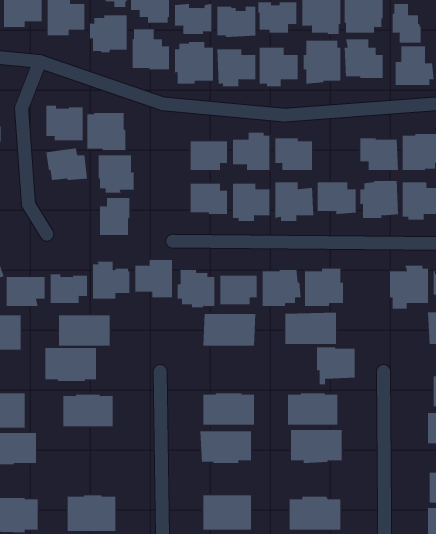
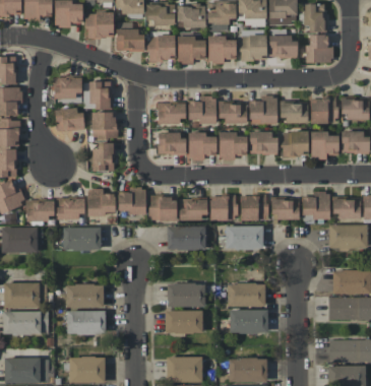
building: none -> [249,95,277,125]
building: [316,347,356,385] -> [270,197,299,224]
building: [45,347,97,381] -> [67,311,105,335]

